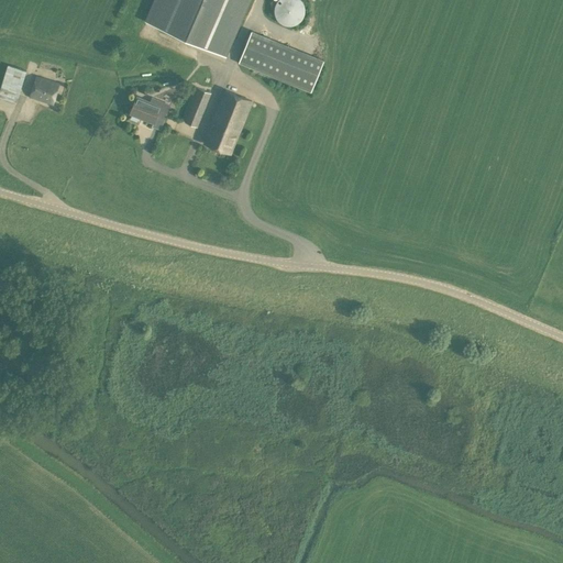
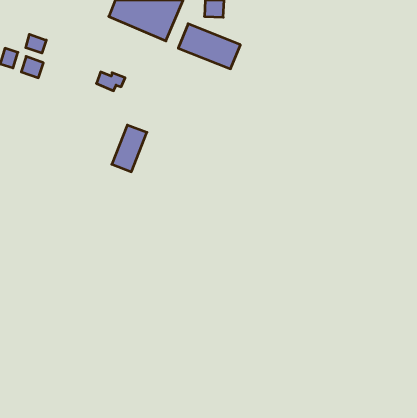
building: none -> [26,34,46,53]
building: [180,87,209,125] -> none
building: [203,90,251,153] -> [112,125,147,172]

